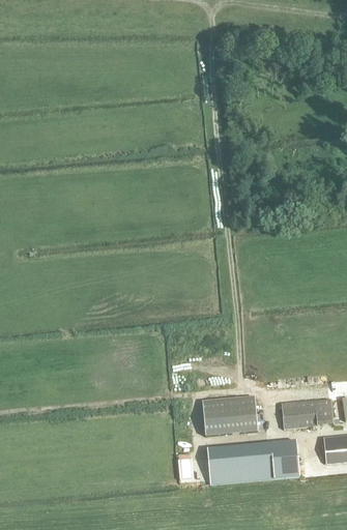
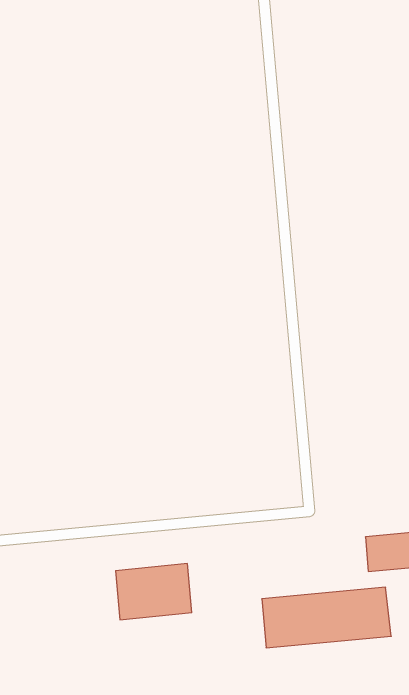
building: [202,395,257,436] -> [116,564,192,620]

